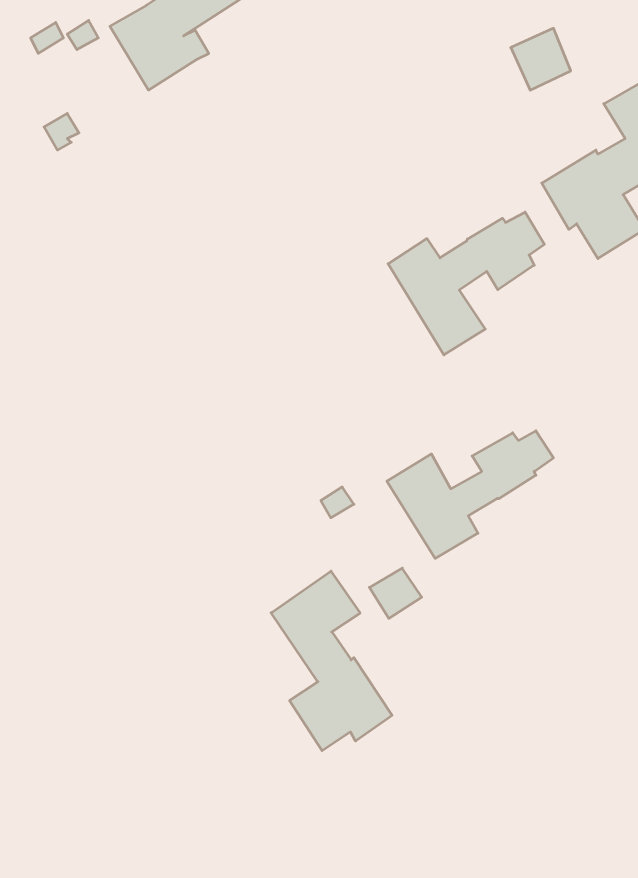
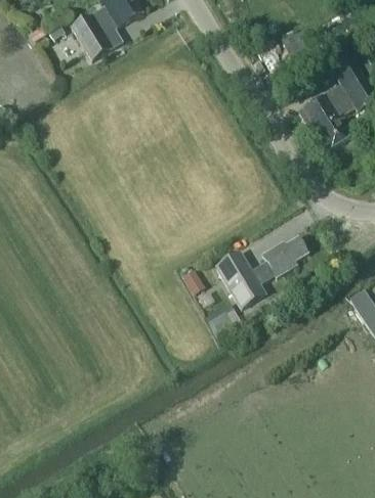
building: [388,212,544,355] -> none
building: [271,571,392,751] -> none

